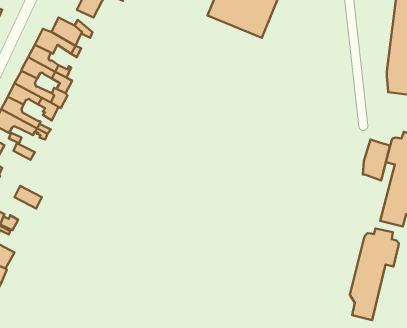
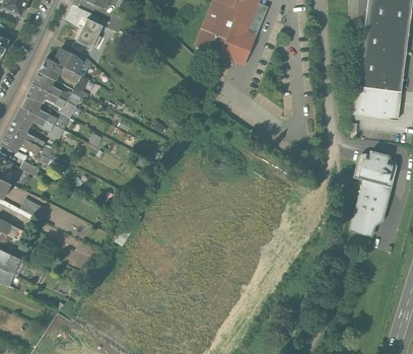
building: [363,140,390,180] -> none
building: [350,229,399,320] -> none

